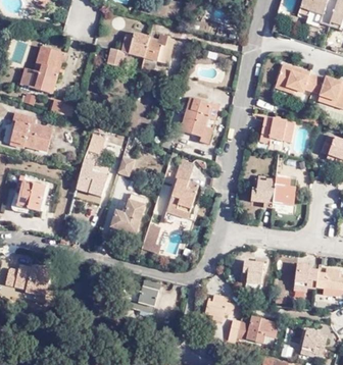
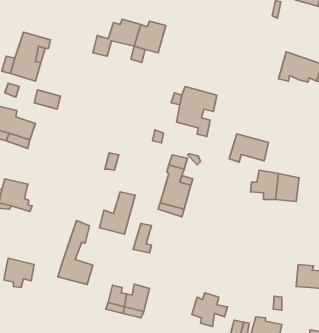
building: [260,116,297,143] -> [229,134,268,162]
building: [75,137,107,197] -> [58,221,93,285]
building: [242,260,265,290] -> none

